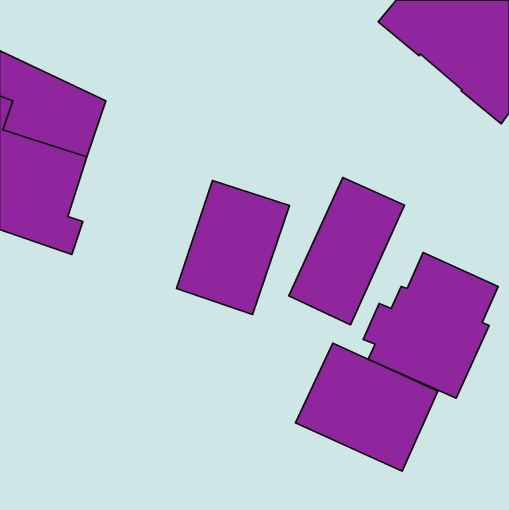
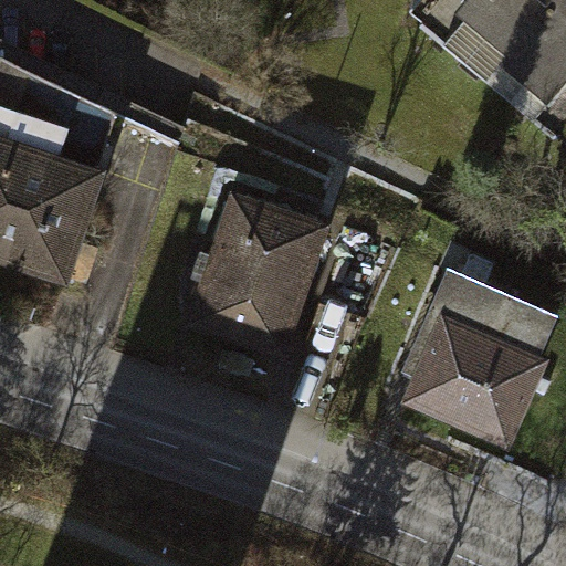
building: [289,178,405,325] -> none
building: [296,343,438,471] -> none

